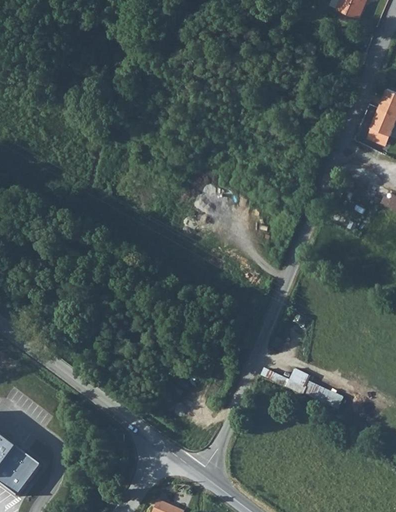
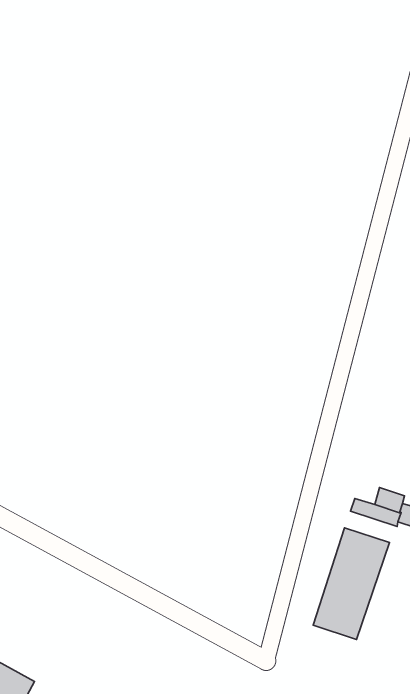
building: none -> [313,528,390,640]

